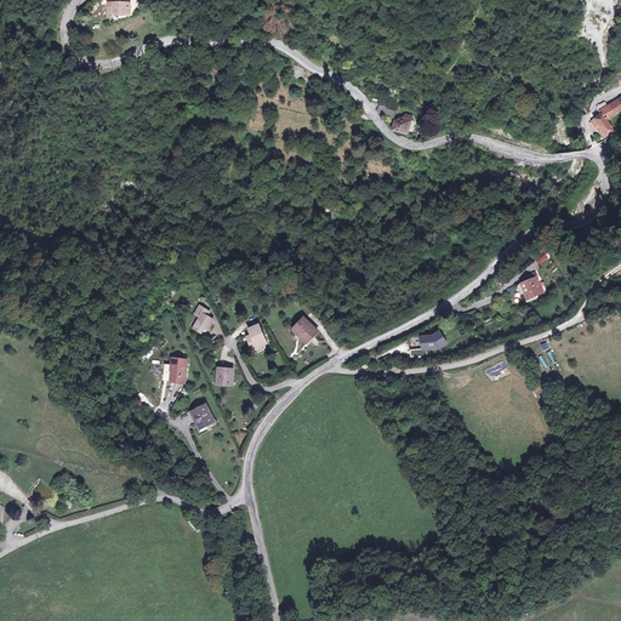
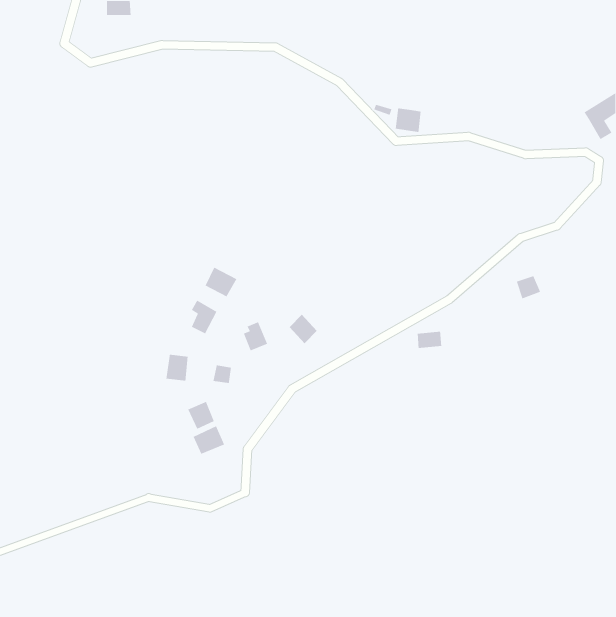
building: none -> [204,266,237,298]
building: none -> [192,425,225,455]

